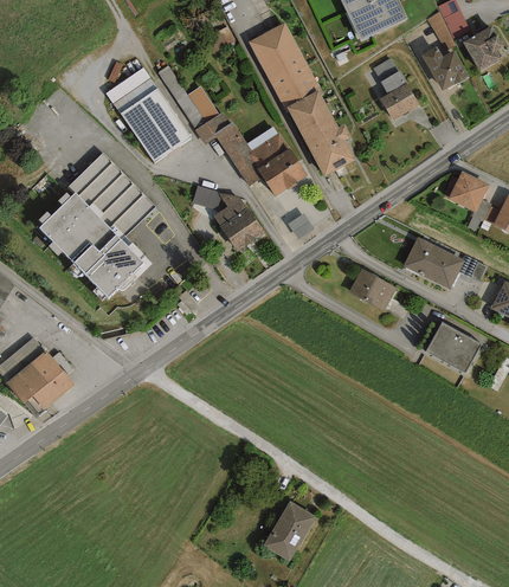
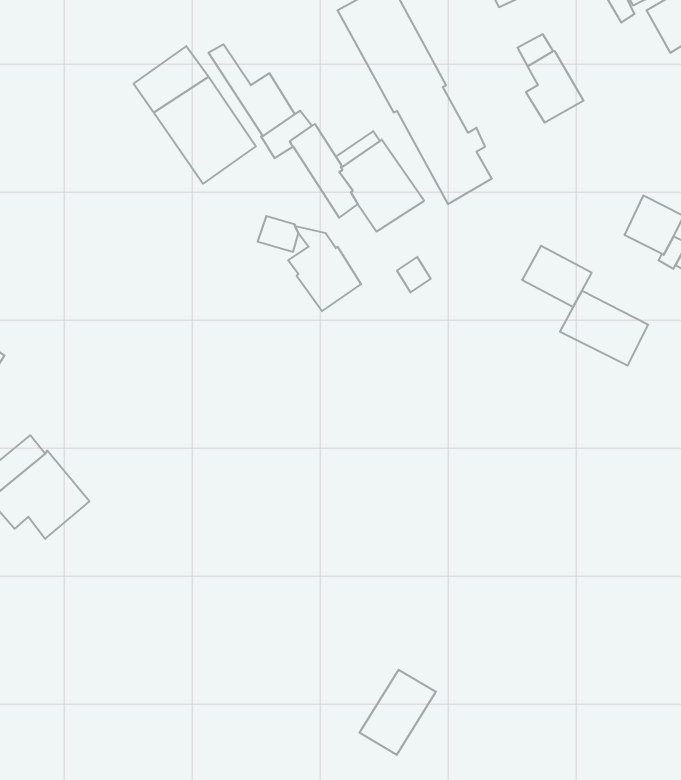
building: [420,45,469,90] -> none
building: [38,154,154,301] -> none
building: [348,269,397,311] -> [522,246,592,307]
building: [425,321,482,374] -> none

